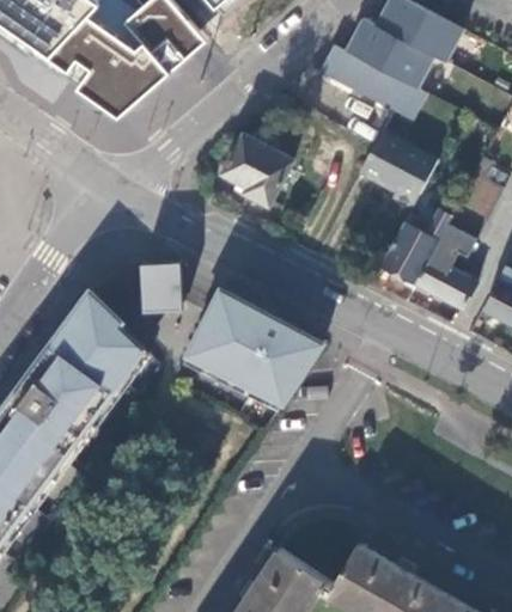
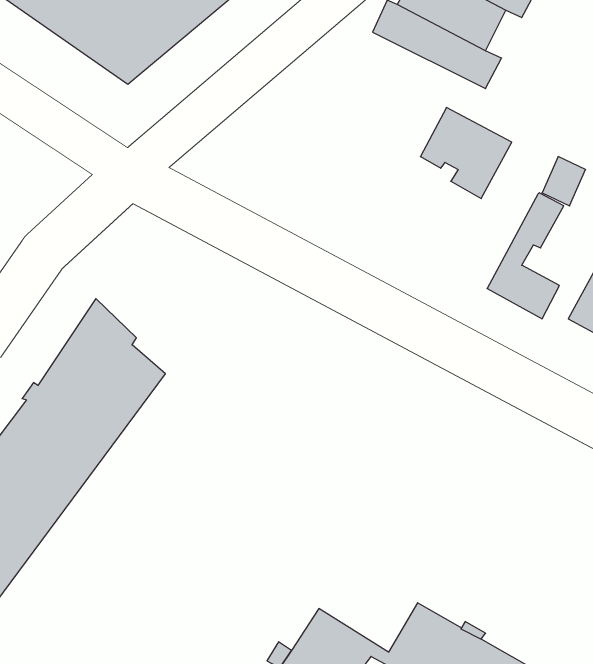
building: [223,136,293,207] -> none
building: [382,201,458,284] -> none
building: [139,262,181,312] -> none
building: [179,293,322,412] -> none

